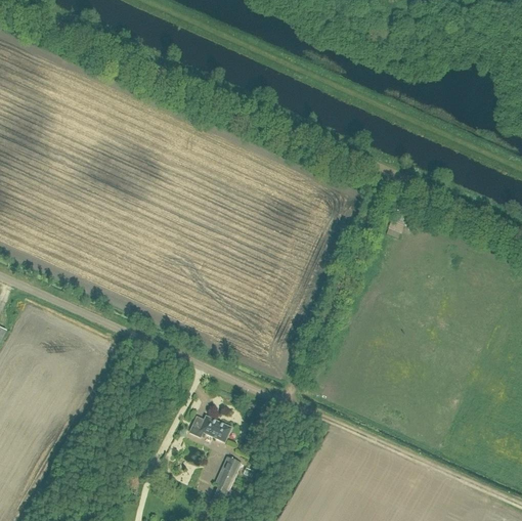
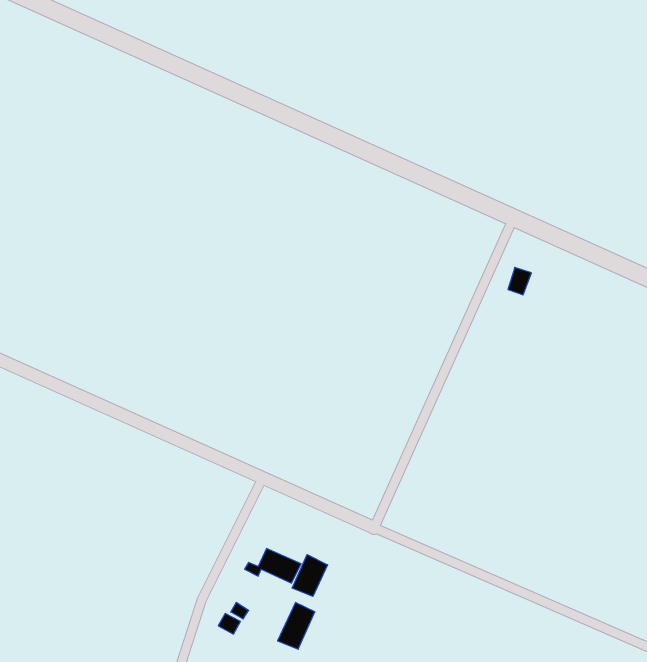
building: none -> [292,555,328,596]

